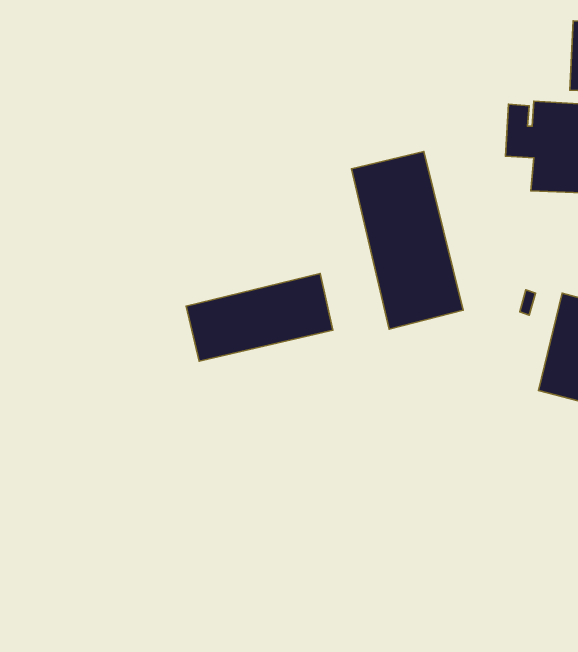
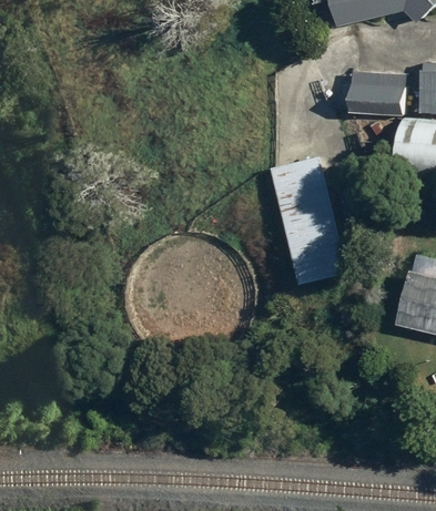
building: none -> [347,72,402,115]
building: [186,274,333,361] -> none

